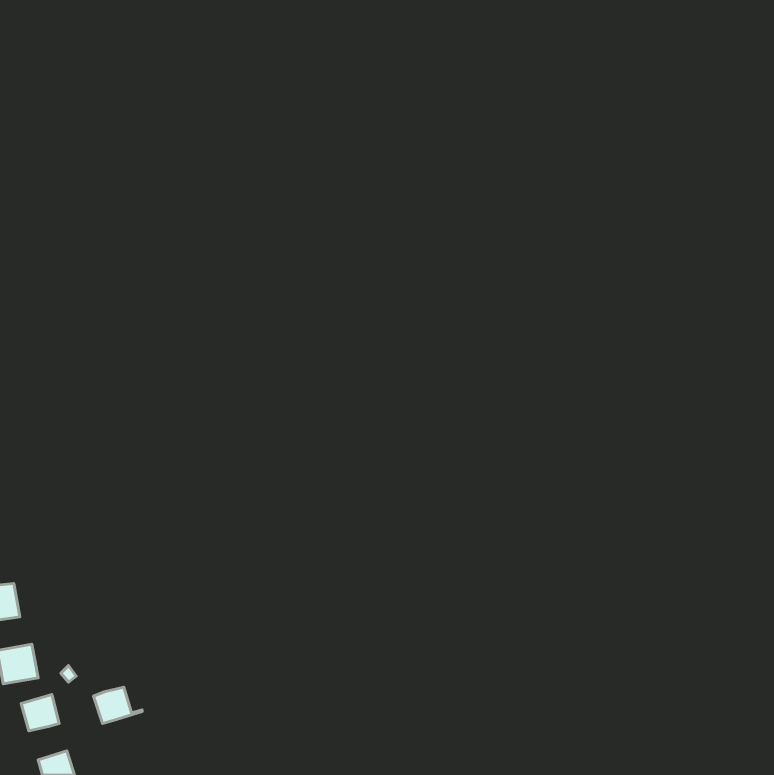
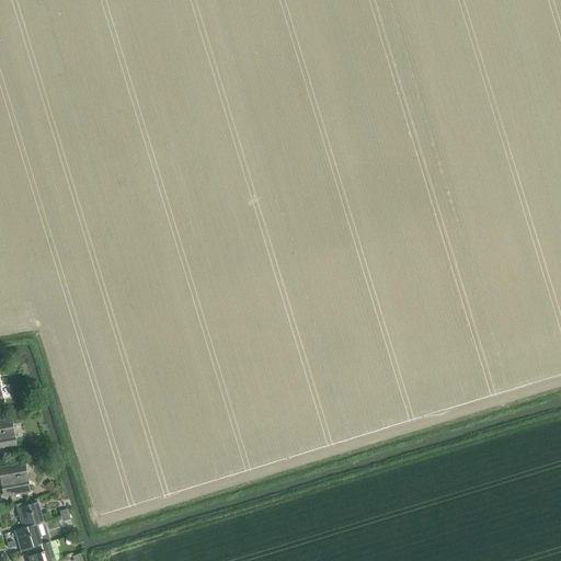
building: [93,687,142,724] -> [13,524,48,550]

